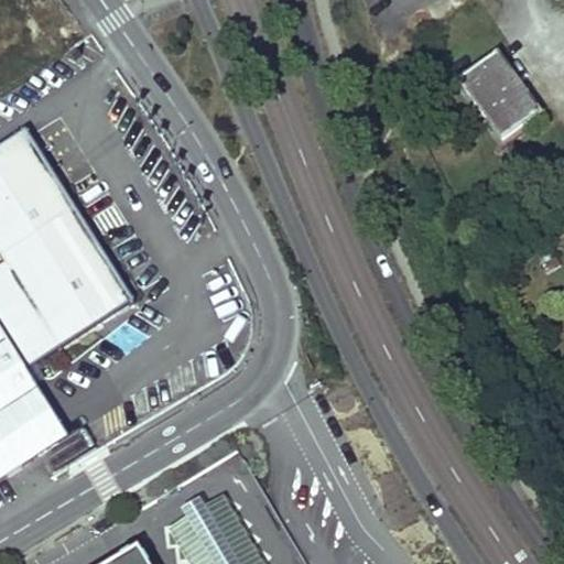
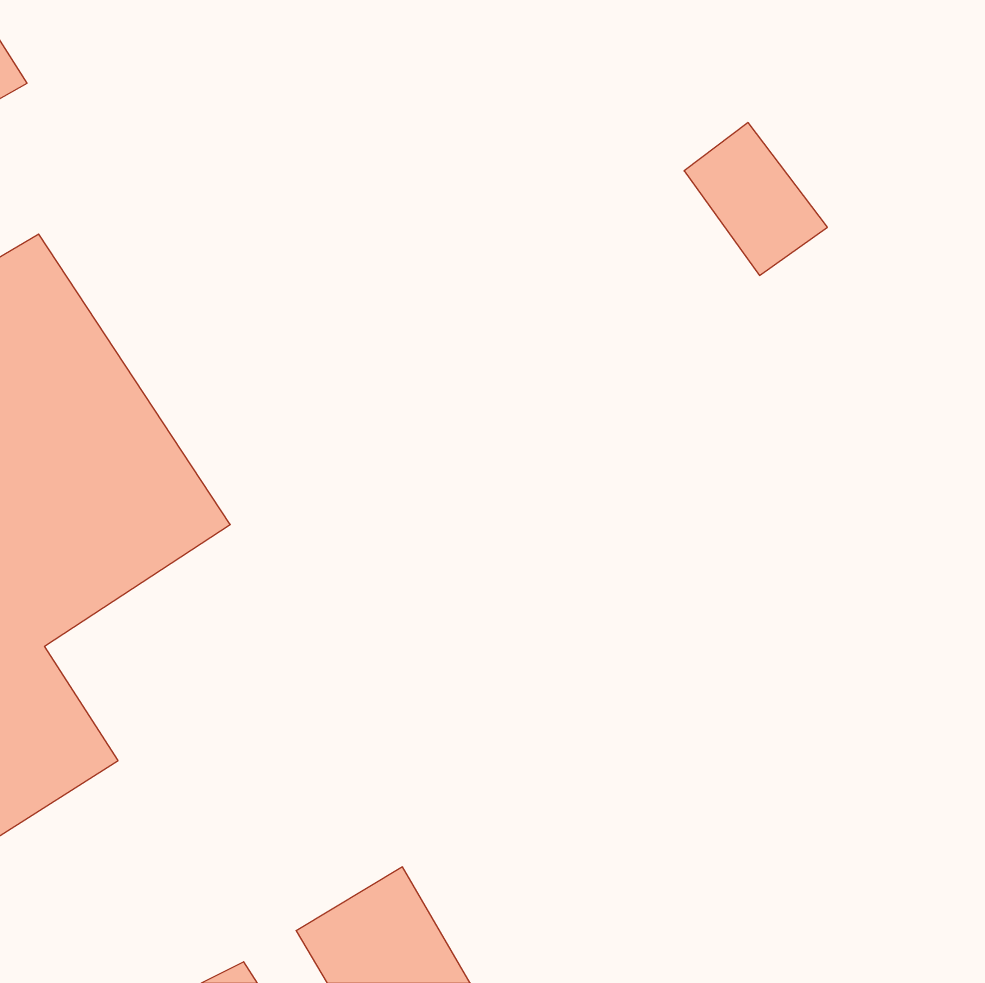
building: [460,48,542,135] -> [684,123,827,275]

